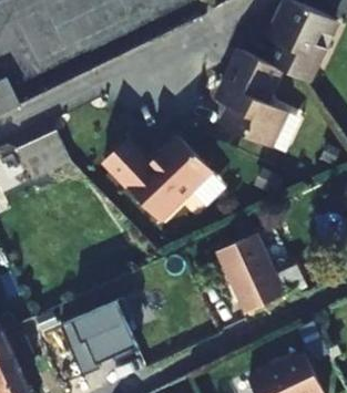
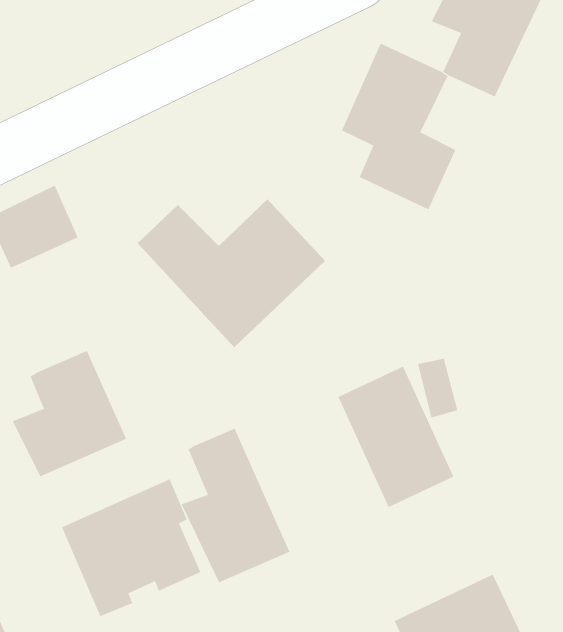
building: none -> [12,350,127,477]
building: none -> [181,428,290,583]

